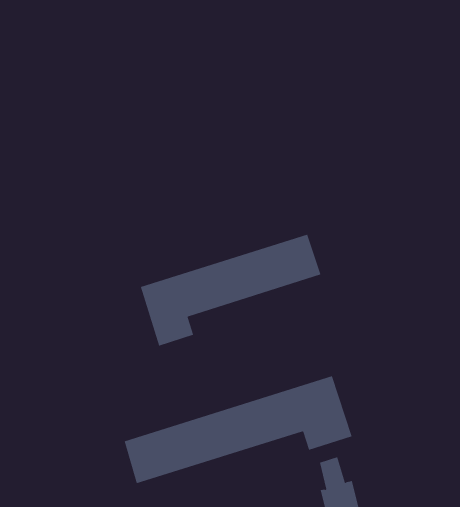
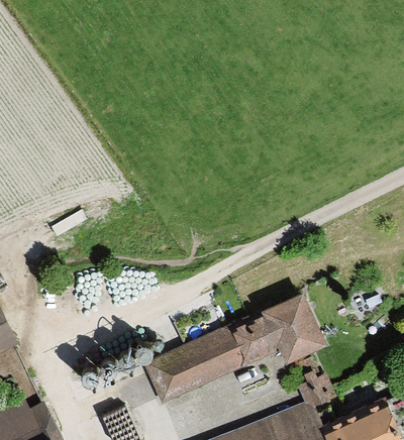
building: [140,234,321,346] -> none

